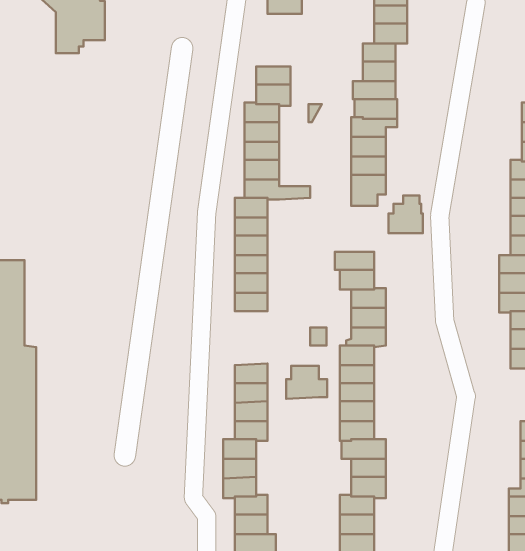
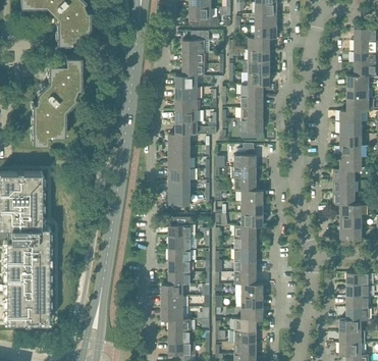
building: none -> [183,33,210,54]
building: none -> [34,58,80,146]
building: [388,195,423,233] -> [235,146,257,169]
building: [286,366,327,399] -> [170,219,196,240]

